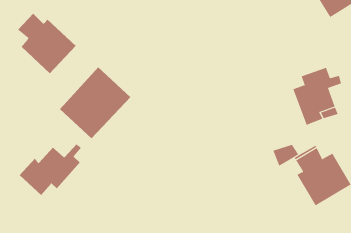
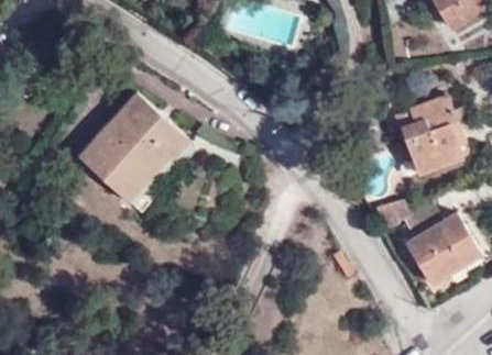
building: [17,13,77,74] -> none
building: [19,144,82,196] -> none

